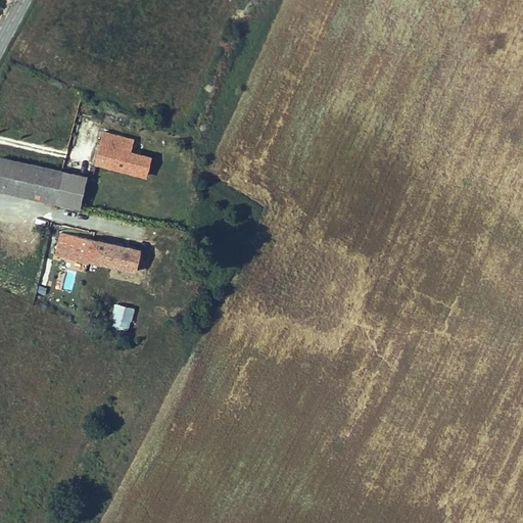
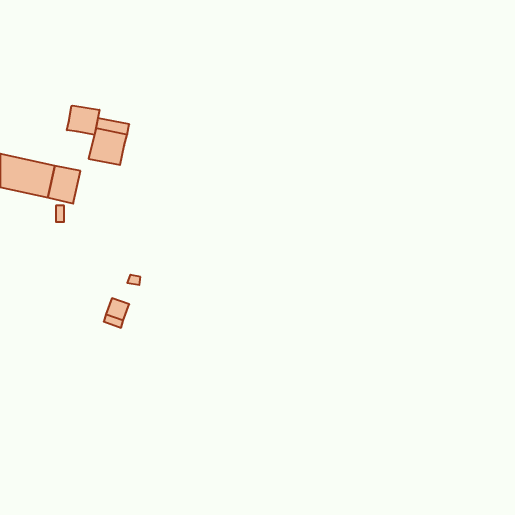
building: none -> [67,106,99,135]
building: [126,151,150,176] -> none
building: [58,236,128,276] -> none

